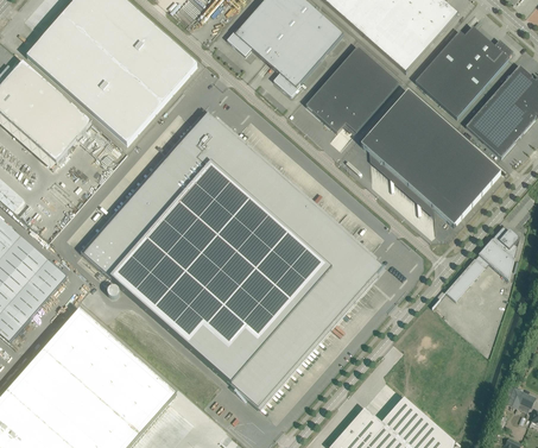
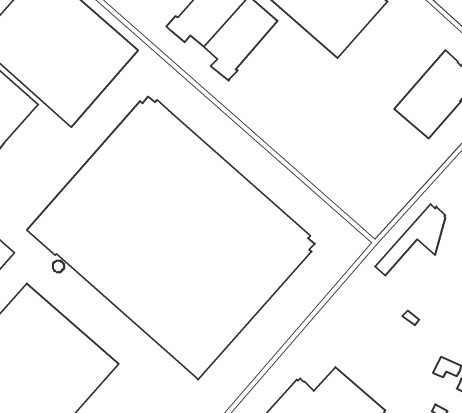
building: [414,25,512,116] -> none
building: [305,45,398,131] -> none
building: [360,89,500,225] -> none

